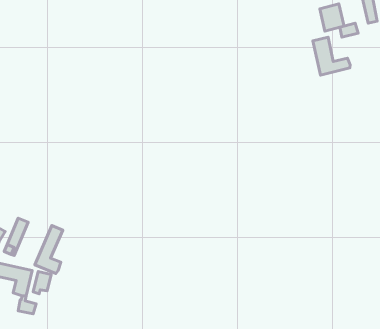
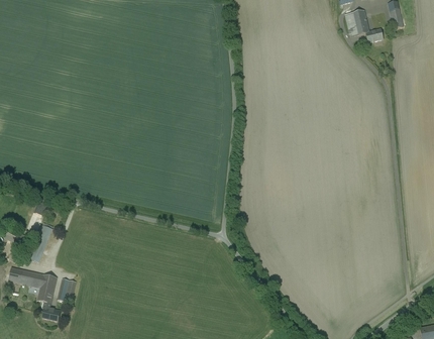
building: [313,37,350,75] -> none
building: [35,225,63,274] -> none

